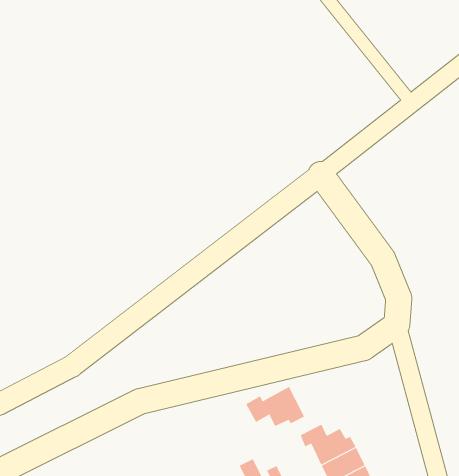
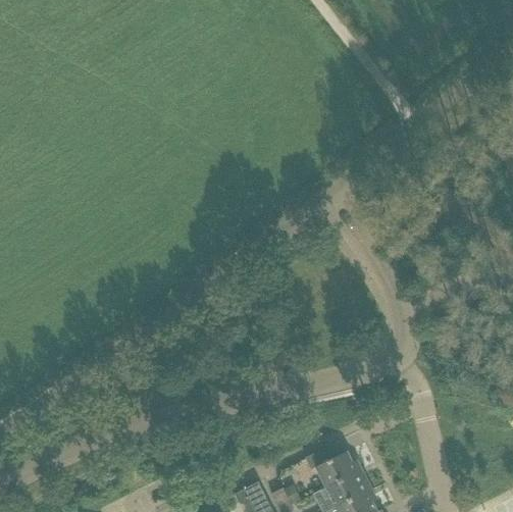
building: [246,386,305,427] -> none

